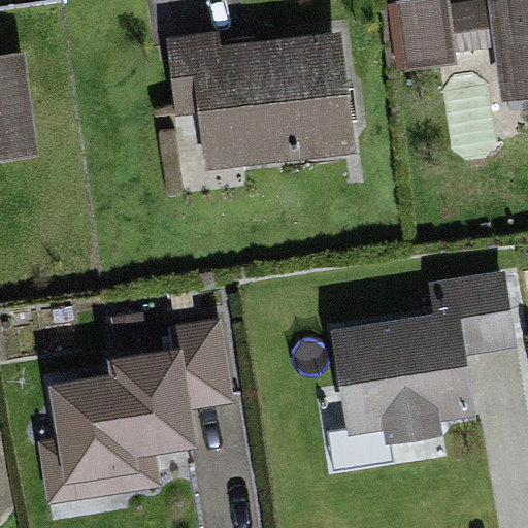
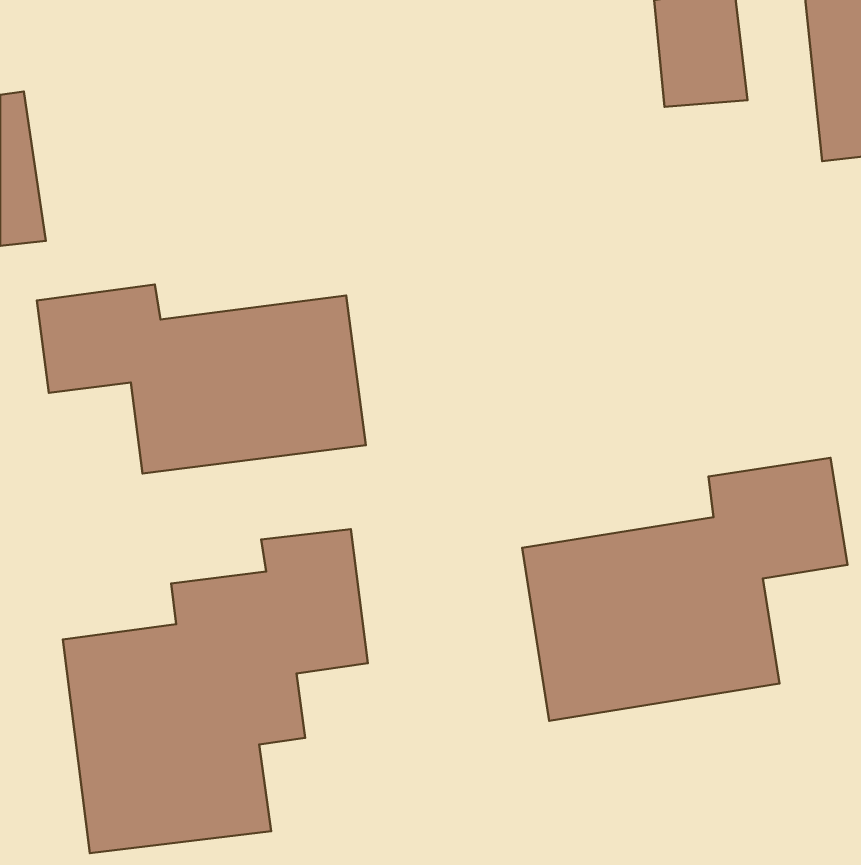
building: [170,33,354,163] -> none
building: none -> [37,284,366,474]

